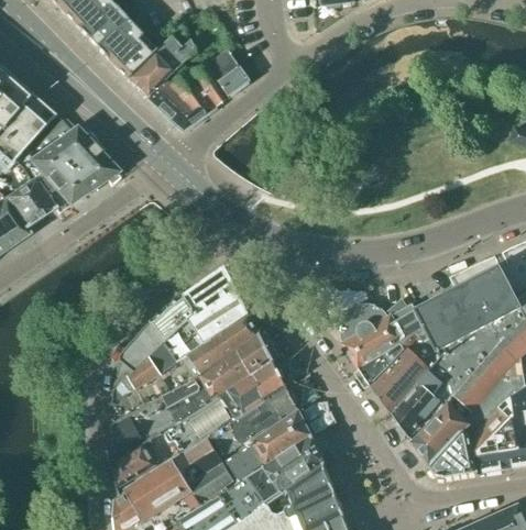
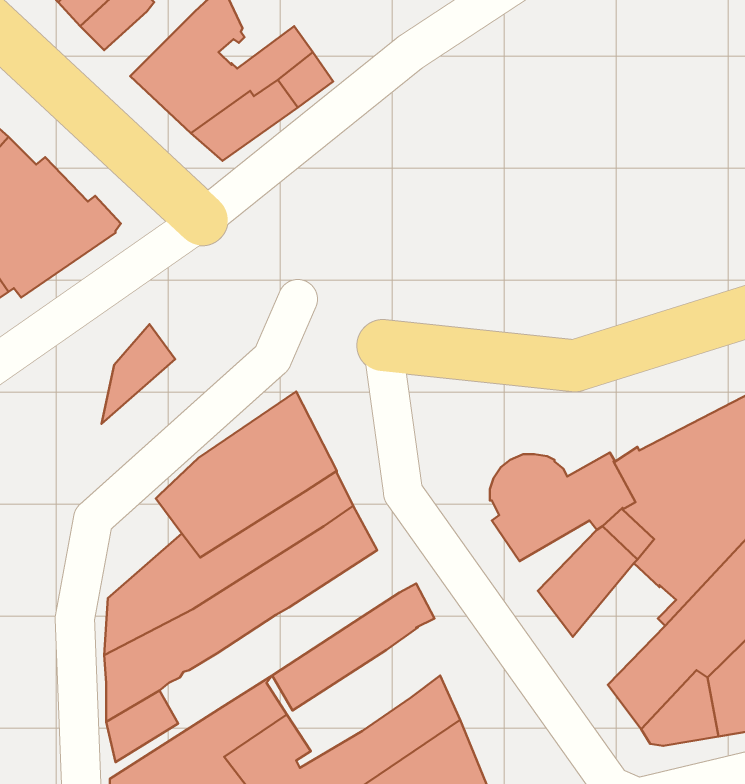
building: [111,40,155,78] -> none
building: [113,330,157,389] -> [101,324,175,424]
building: [359,343,405,385] -> none
building: [162,361,286,454] -> none
building: [391,380,452,438] -> none
building: [227,410,311,482] -> none

